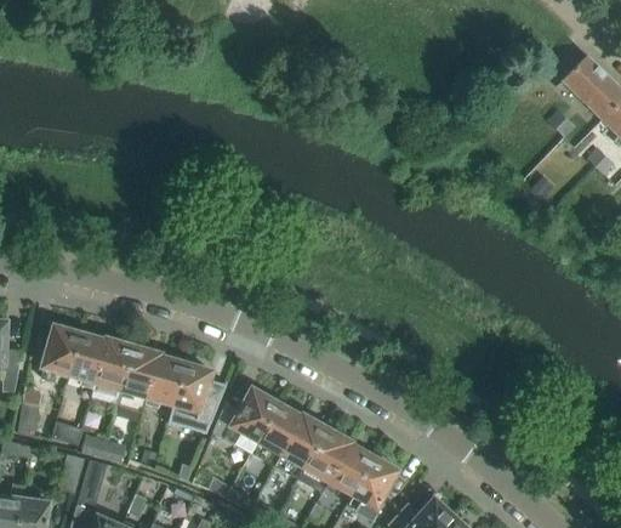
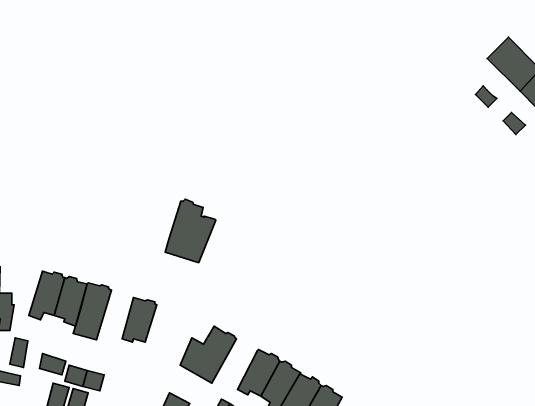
building: [116,345,160,410] -> none
building: [167,360,226,433] -> [165,199,216,263]
building: [249,402,301,461] -> none

